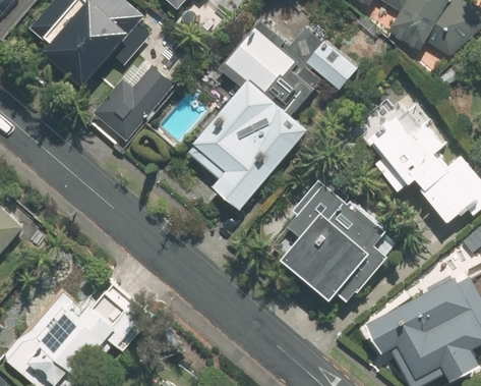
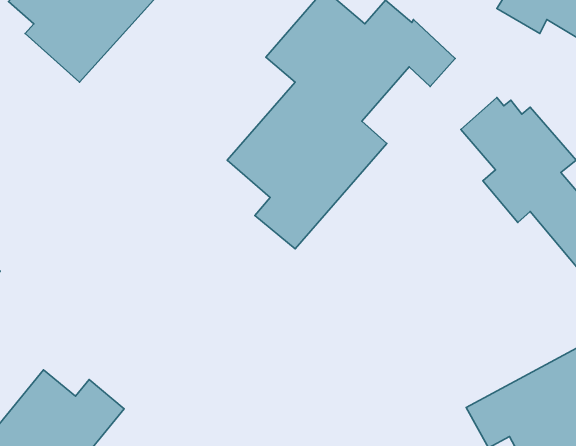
building: [93,61,175,141] -> none
building: [281,179,386,302] -> none

